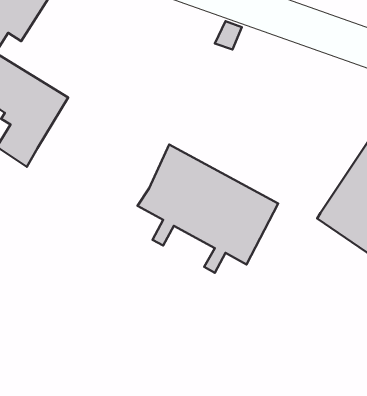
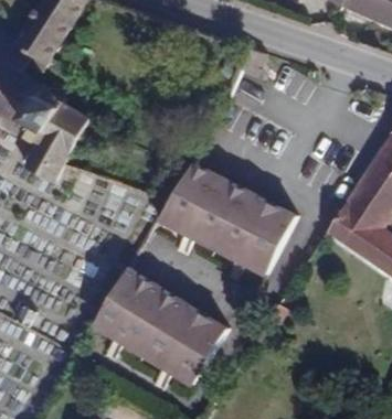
building: none -> [95,269,226,390]

